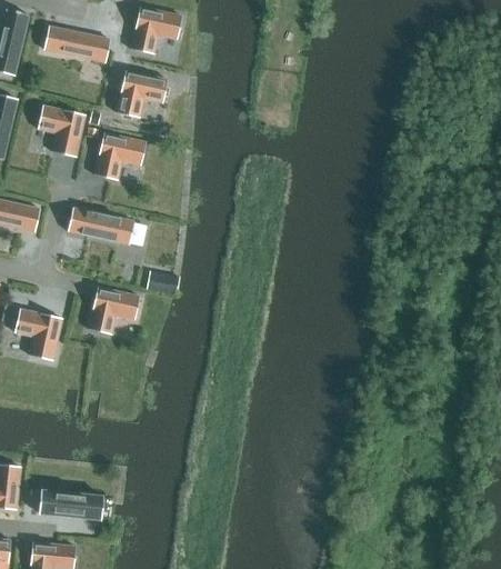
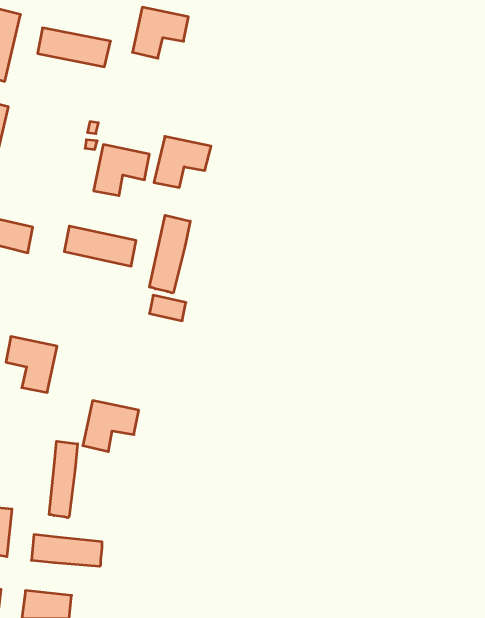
building: [116,71,168,118] -> [154,136,211,187]
building: [38,106,84,158] -> none
building: none -> [149,215,190,293]
building: [88,288,139,335] -> [83,401,139,452]
building: none -> [49,441,78,518]

